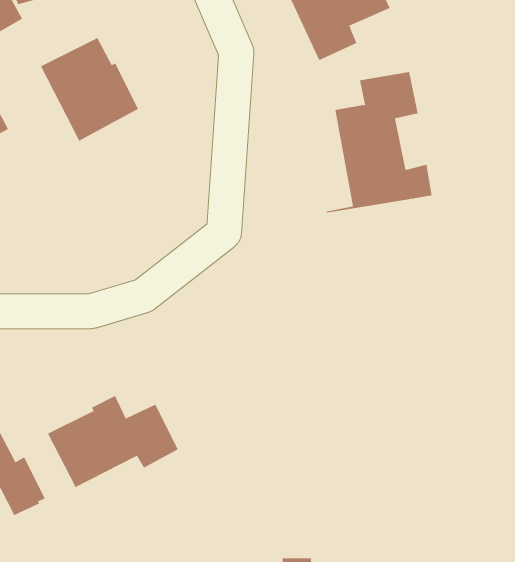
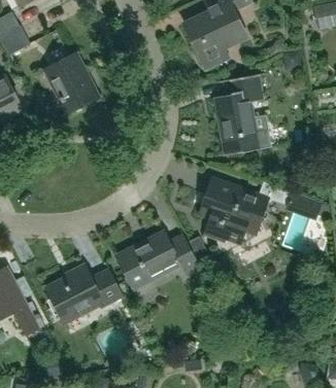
building: none -> [198,179,268,243]
building: none -> [109,220,200,288]

